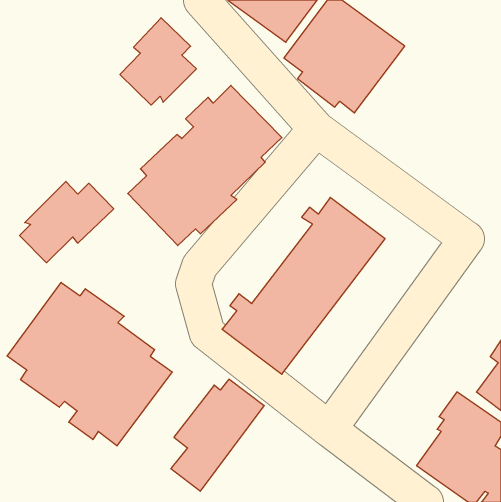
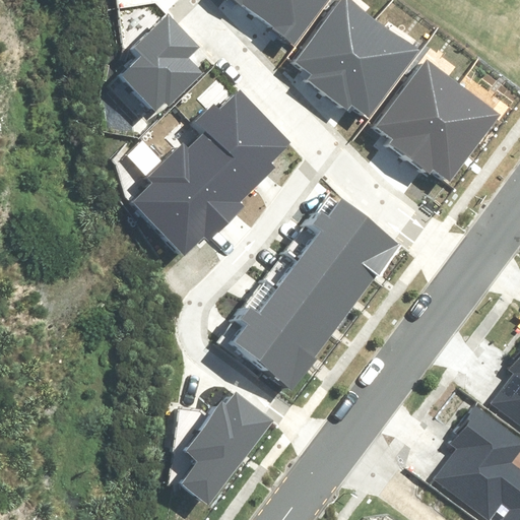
building: none -> [375,57,499,182]
building: [20,181,114,263] -> none
building: [7,282,172,446] -> none

